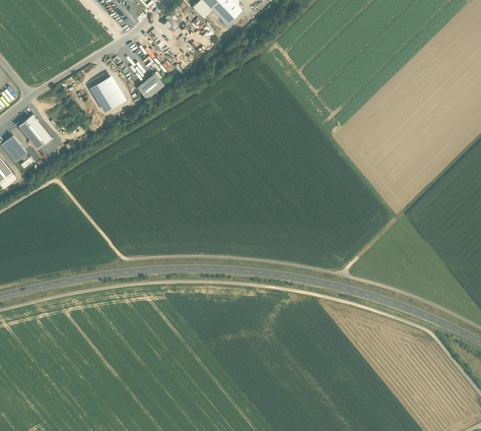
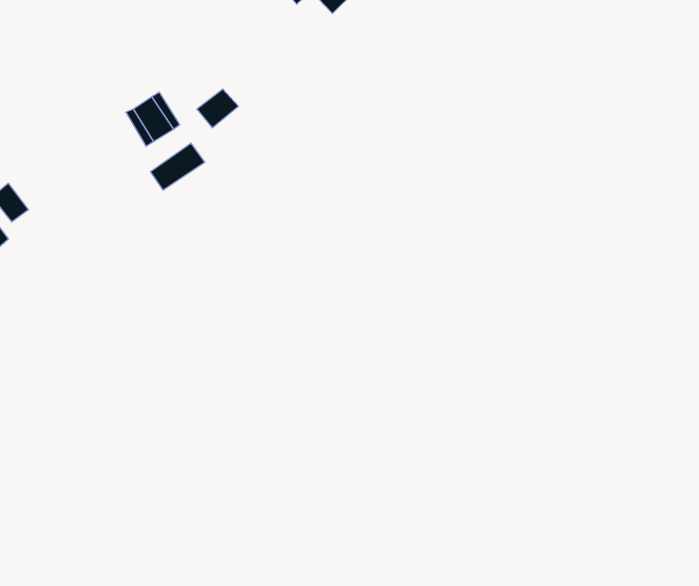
building: none -> [151,143,205,190]
building: [17,114,51,149] -> none

